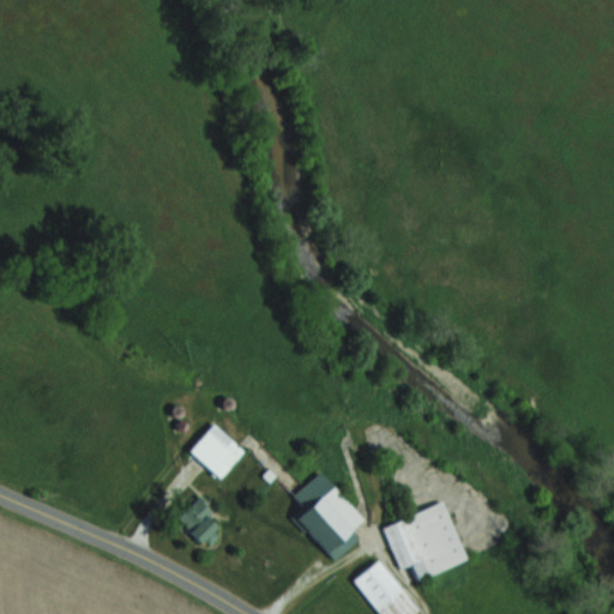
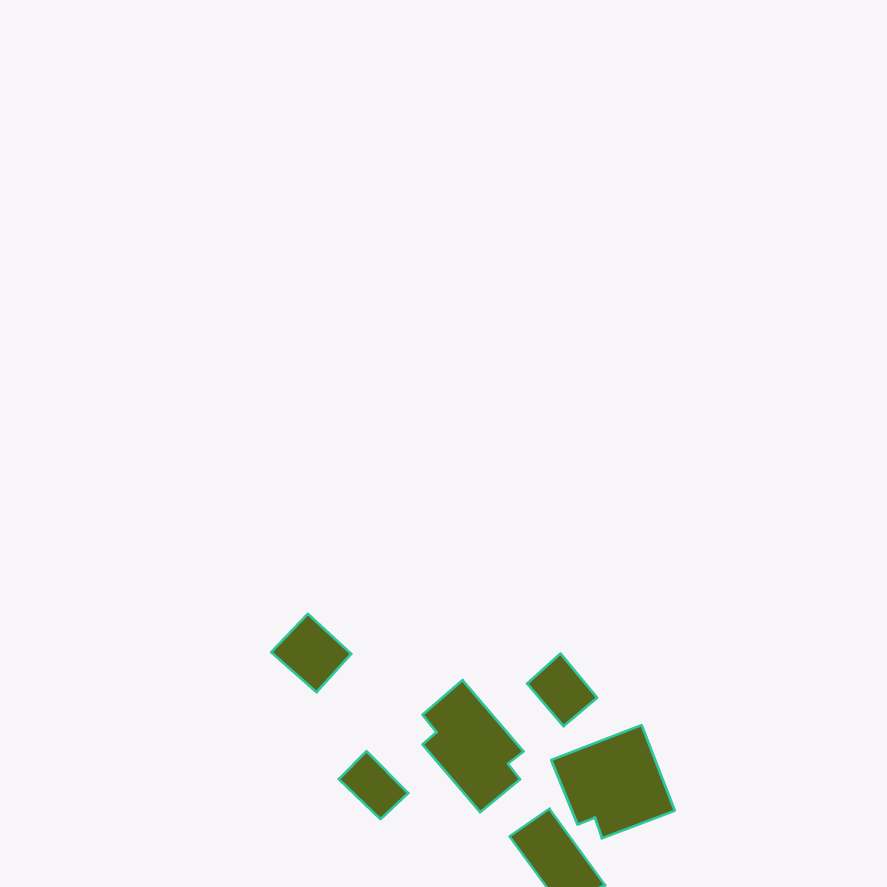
building: none -> [527,654,597,726]
building: [177,500,225,547] -> [339,751,408,819]

